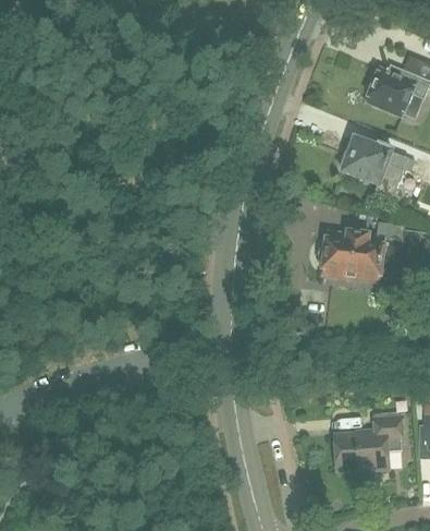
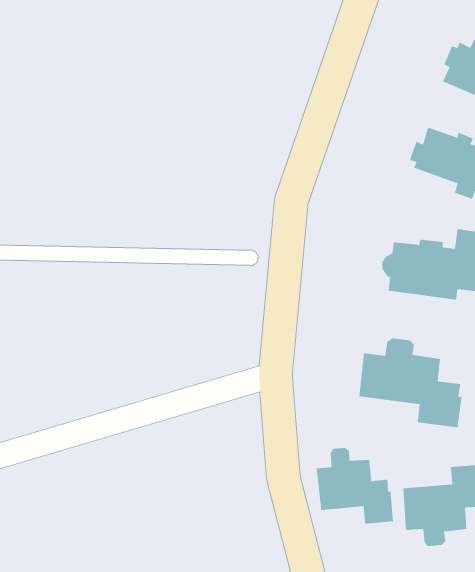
building: none -> [359,337,462,428]
building: none -> [316,447,393,524]

